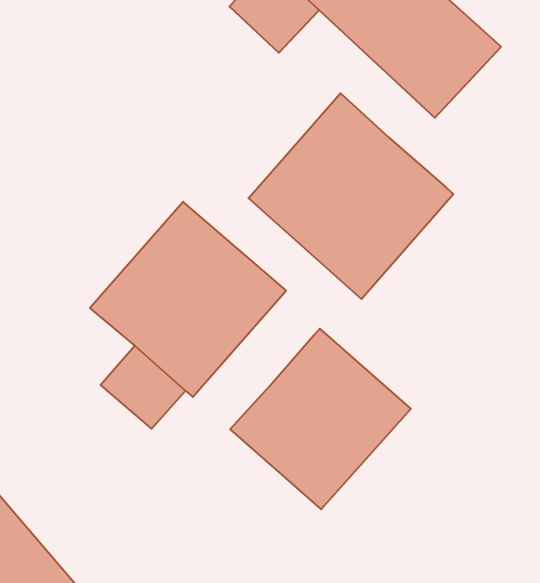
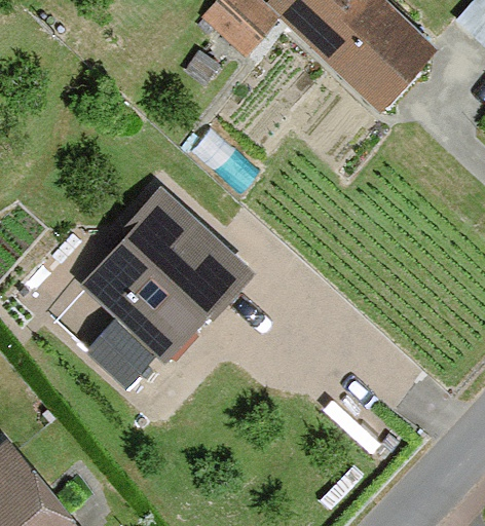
building: [248,93,453,299] -> none
building: [230,329,411,509] -> none

